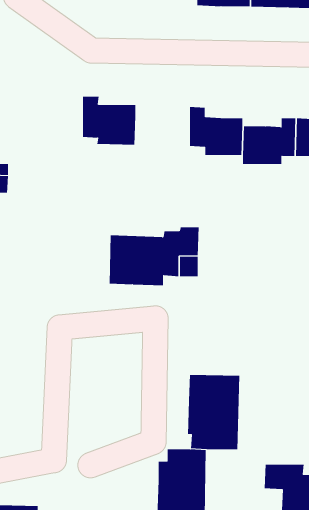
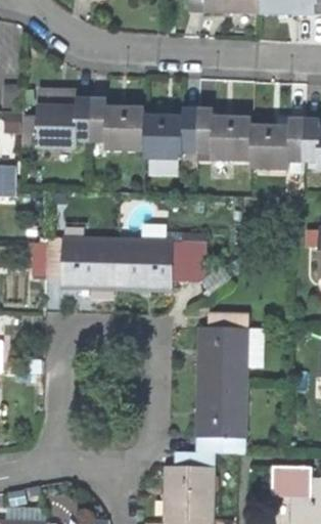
building: none -> [35,89,89,147]
building: none -> [142,110,196,158]
building: none -> [45,236,117,295]
building: none -> [196,313,264,380]

